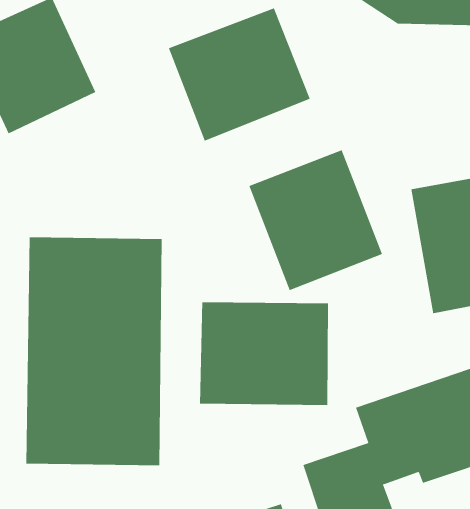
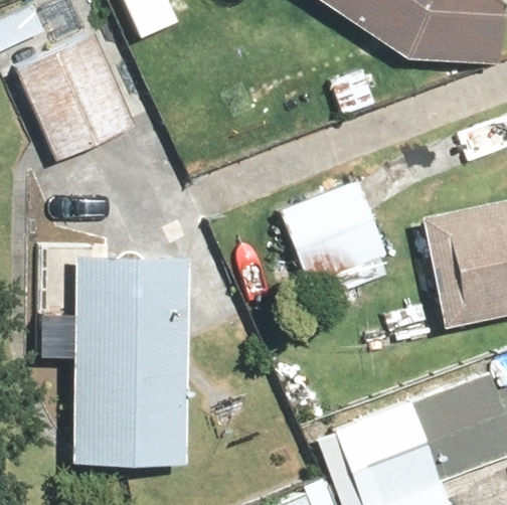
building: [168,7,311,141] -> none
building: [200,301,329,406] -> none

